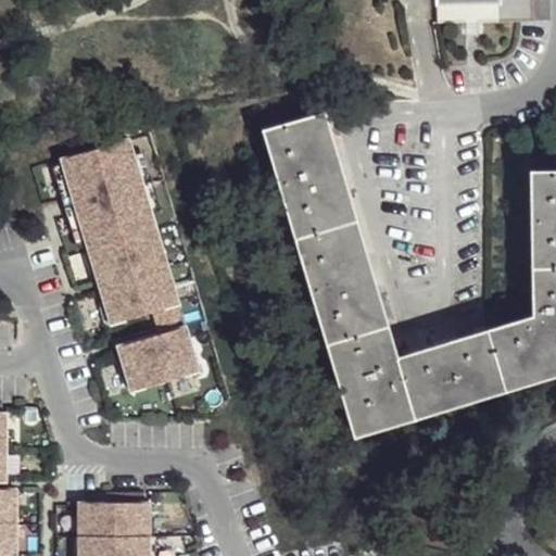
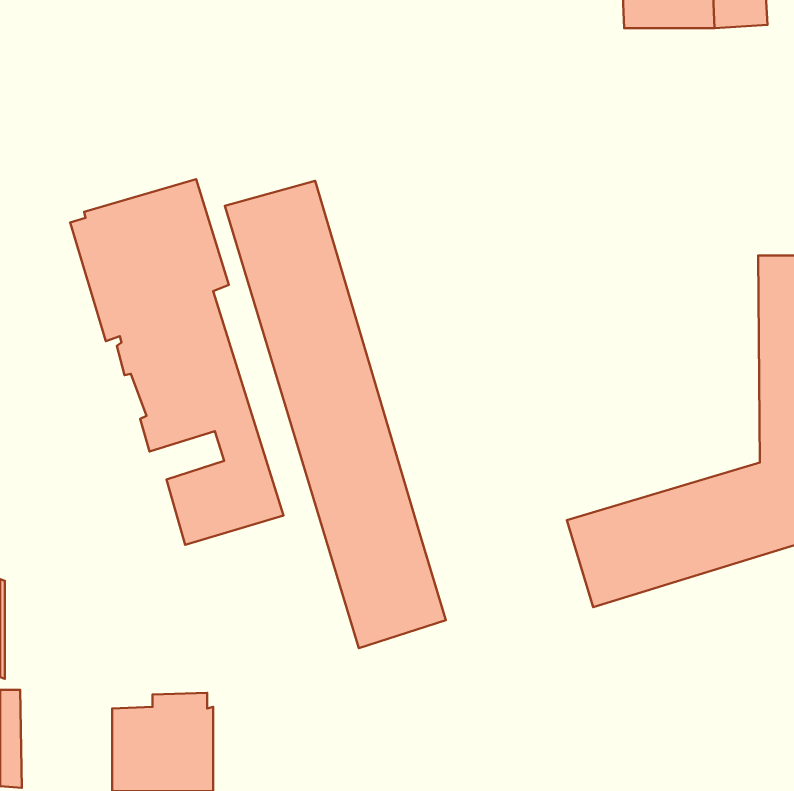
building: [261,117,415,443] -> [225,181,446,648]

